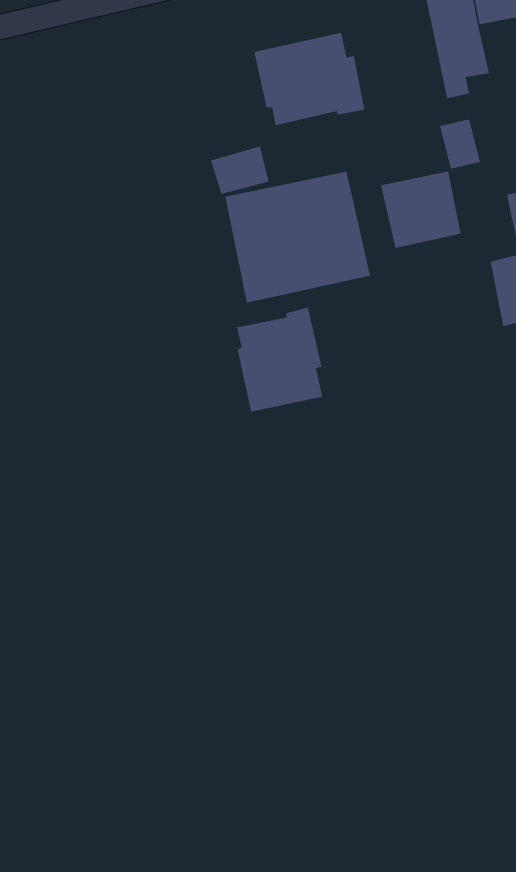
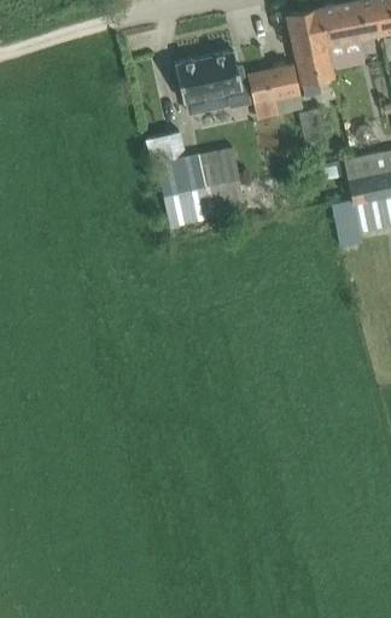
building: [380,171,462,248] -> [247,65,302,117]
building: [236,307,323,413] -> none

